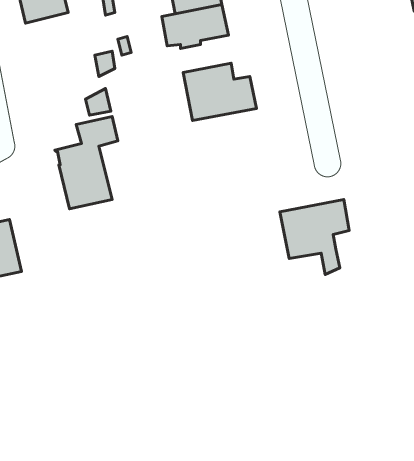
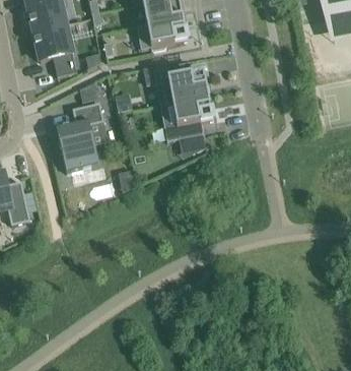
building: none -> [33,23,77,76]
building: [280,200,349,274] -> [160,97,213,153]

